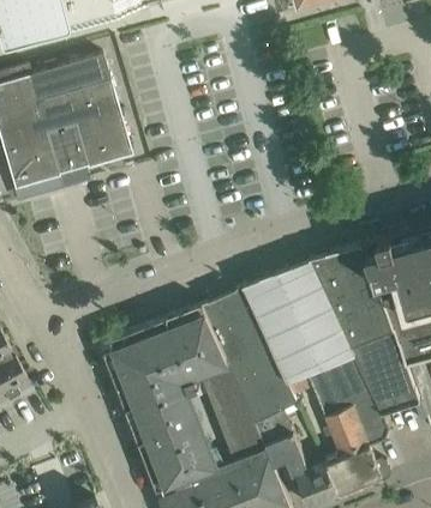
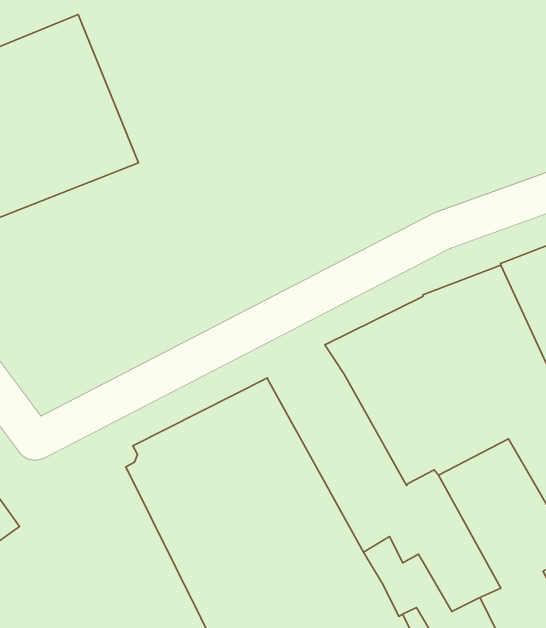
building: [204,286,299,424] -> none

